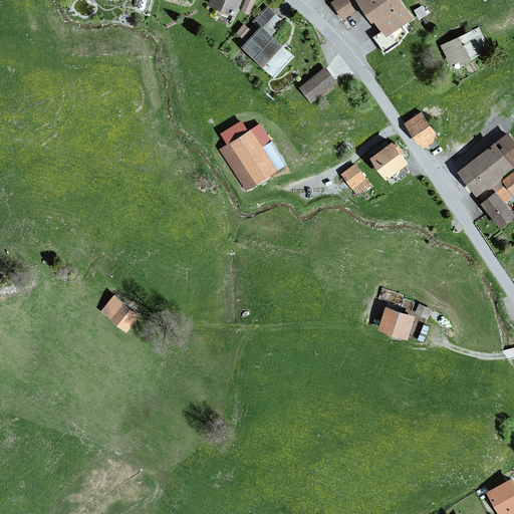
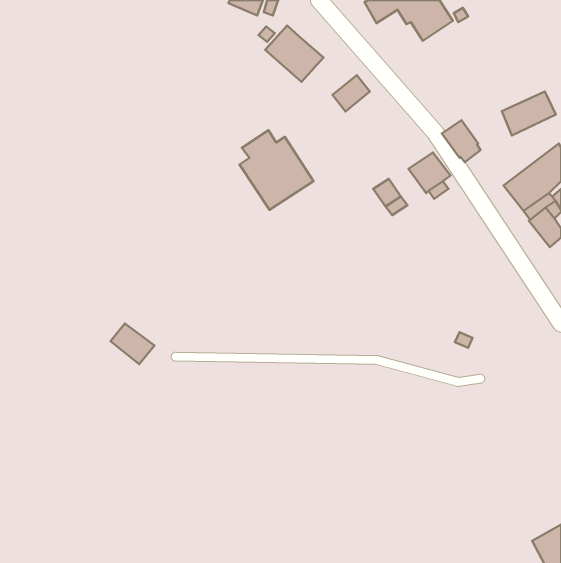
building: [254,6,283,34] -> none
building: [440,28,489,68] -> [502,91,556,136]
building: [379,306,414,336] -> none

